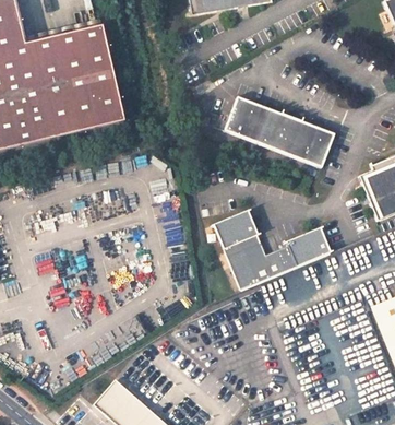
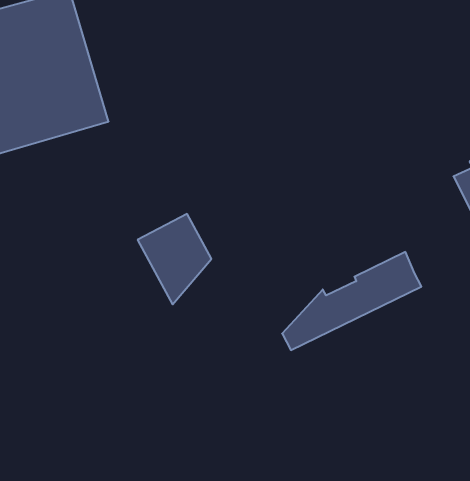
building: [213,91,334,158] -> none
building: [212,214,263,278] -> [138,214,211,304]

